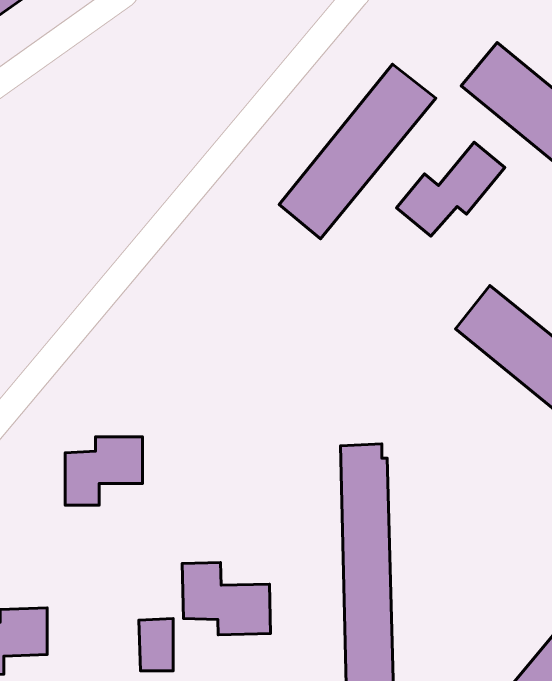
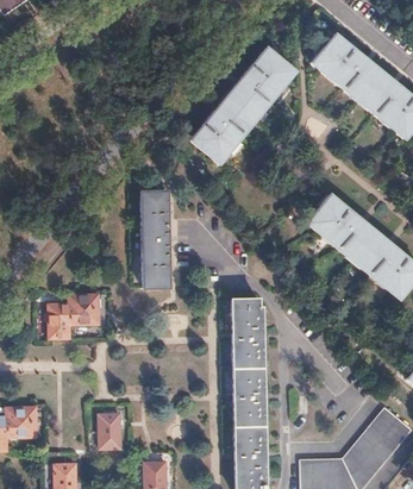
building: [396,142,505,236] -> none
building: none -> [143,189,169,288]
building: [182,562,271,635] -> none

